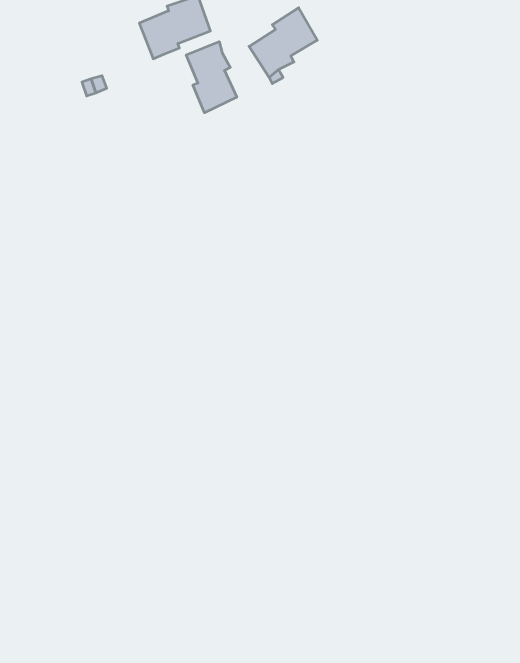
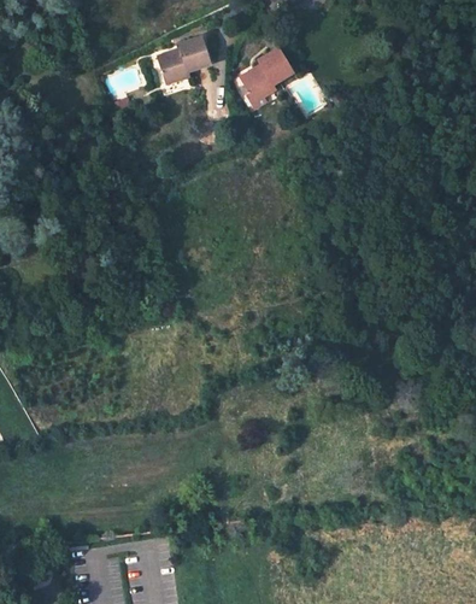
building: [186,42,237,113] -> none

